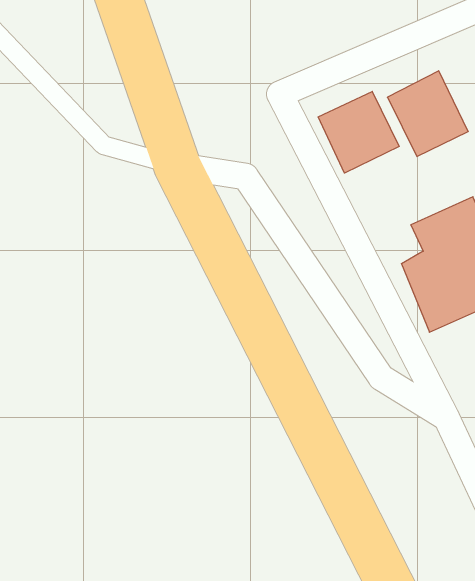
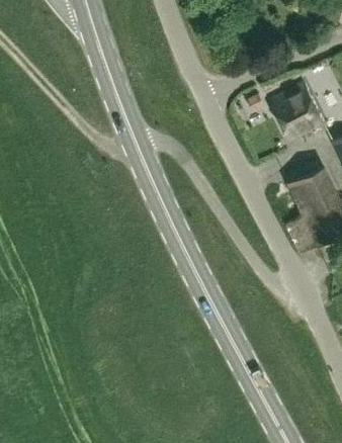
building: [318,91,399,173] -> none

